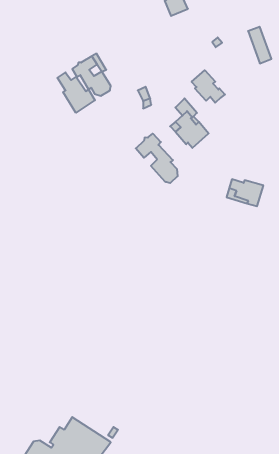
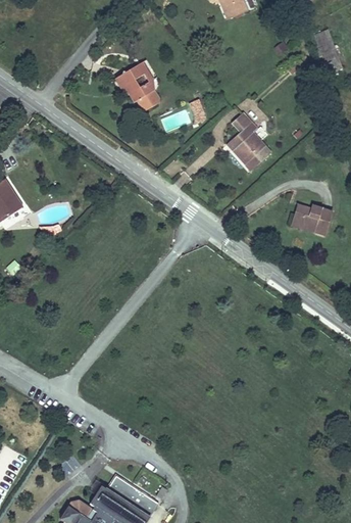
building: [192,70,225,103] -> none
building: [57,72,95,113] -> none
building: [136,134,178,183] -> none

